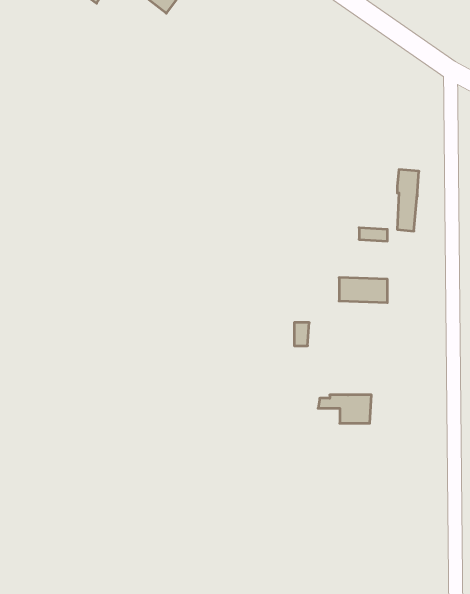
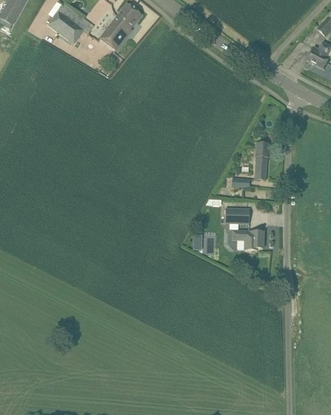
building: [318,395,371,423] -> [231,231,263,248]

